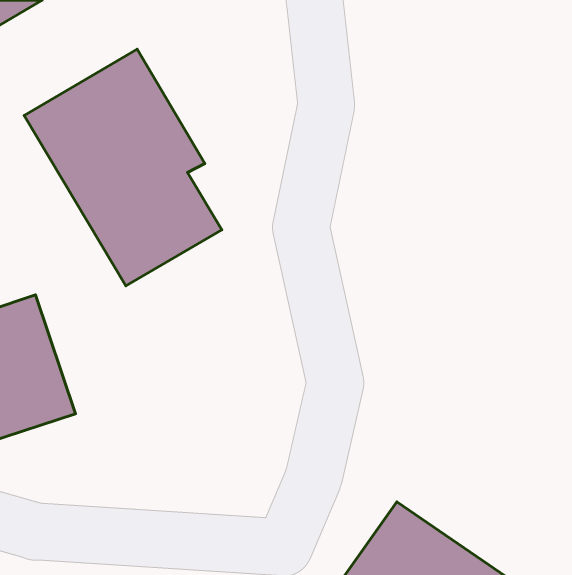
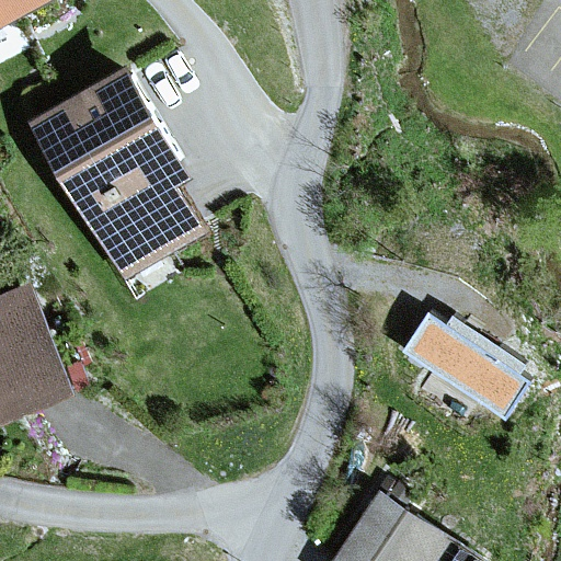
building: none -> [399,314,526,421]

